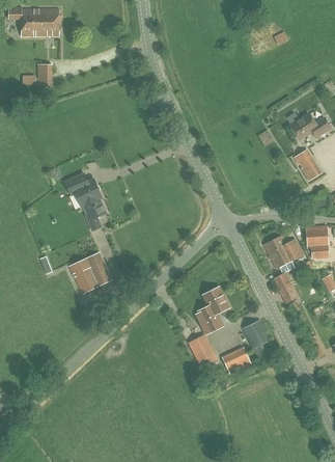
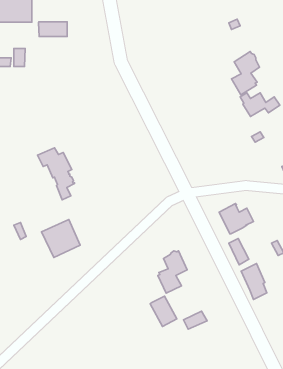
building: none -> [39,22,67,36]
building: none -> [231,51,260,95]
building: [305,225,328,257] -> none
building: [243,320,271,359] -> [241,264,267,300]

